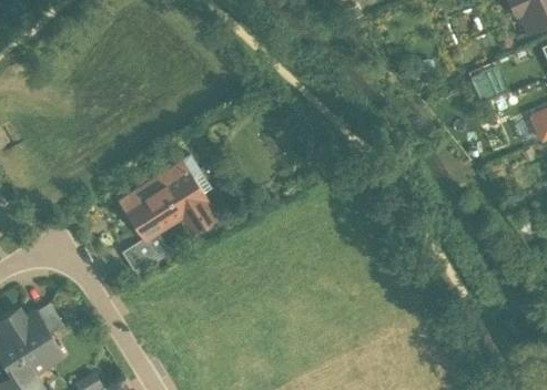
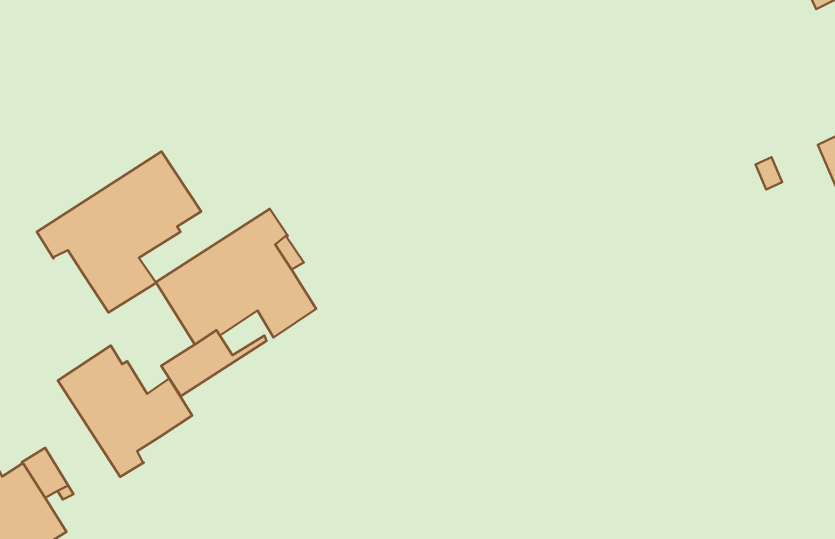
building: none -> [37,152,201,313]
building: none -> [58,346,192,477]

